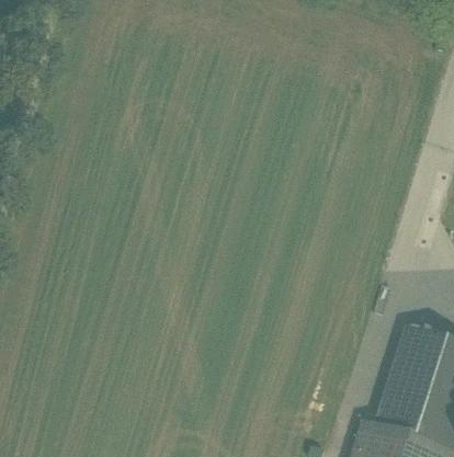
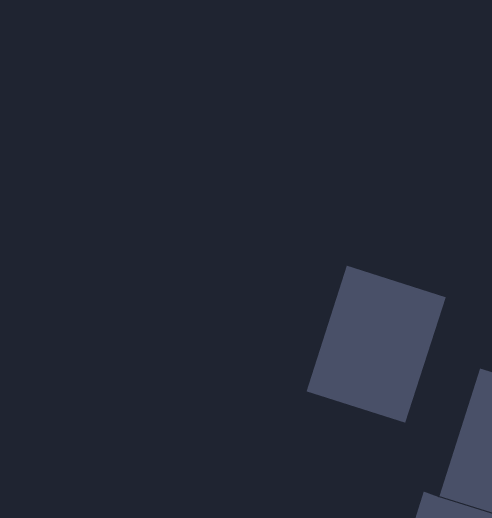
building: none -> [306,265,446,424]

